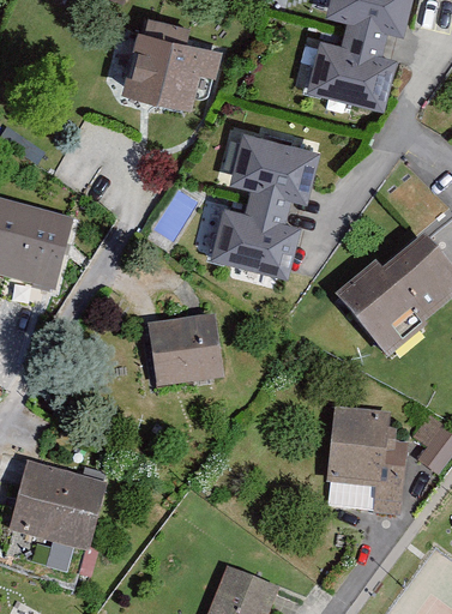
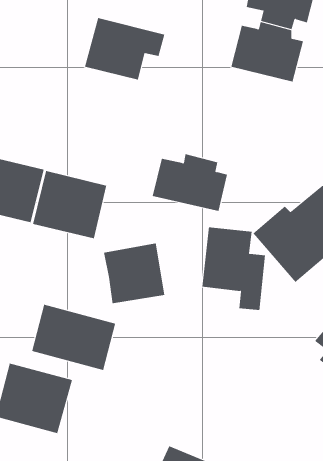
building: [231,128,319,207] -> none
building: none -> [33,170,107,239]
building: none -> [31,304,116,371]
building: [326,407,408,512] -> [201,227,266,310]

